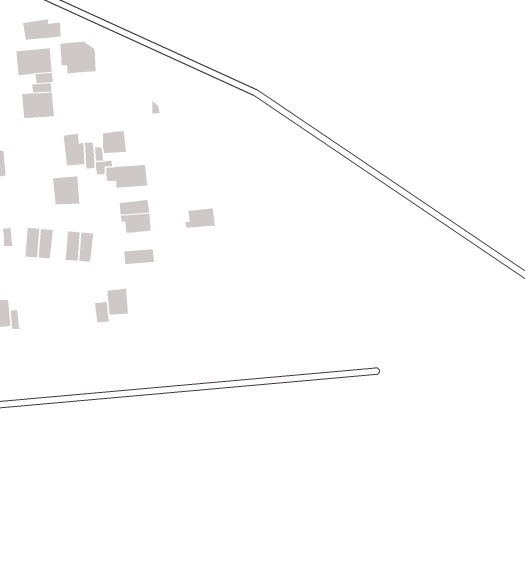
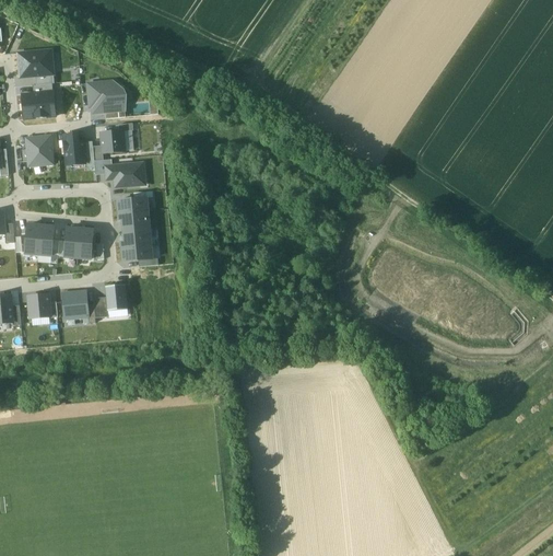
building: [22,19,61,41] -> none
building: [60,41,97,74] -> [87,81,123,113]
building: [52,176,80,205] -> [25,136,52,164]
building: [184,208,216,228] -> [120,228,151,247]
building: none -> [62,290,89,318]
building: none -> [27,293,50,317]

